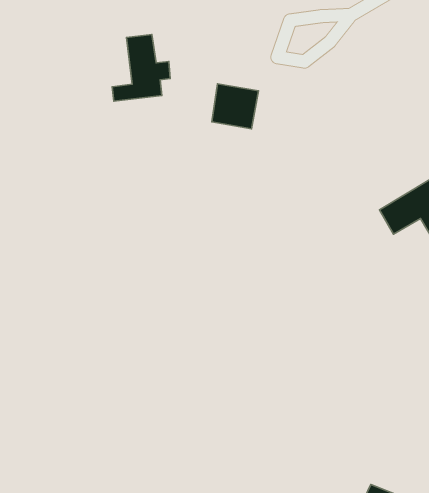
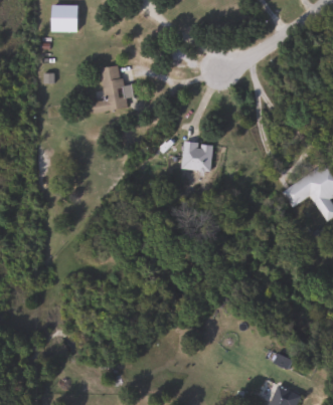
building: [212,84,259,129] -> [181,141,214,173]

